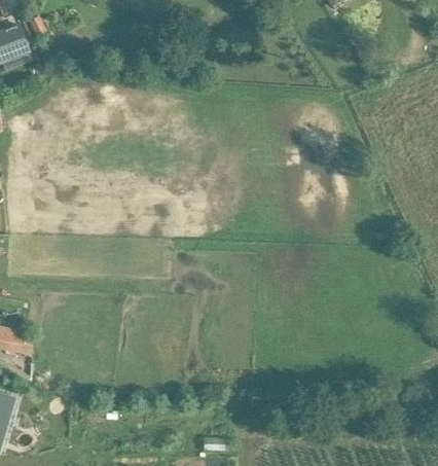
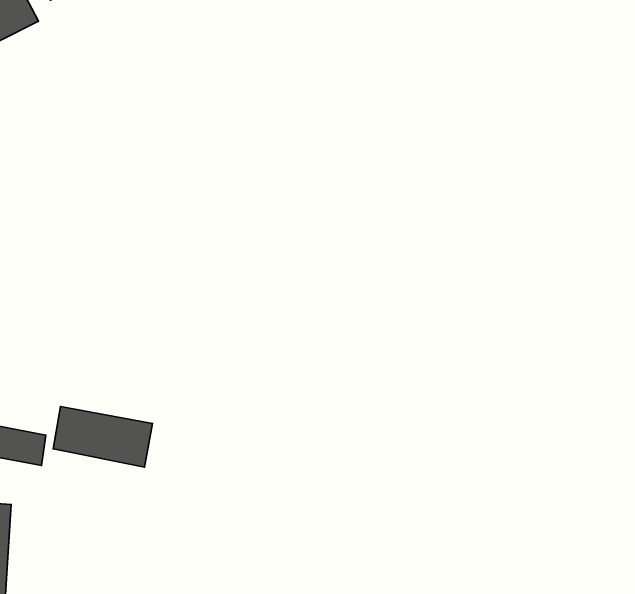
building: none -> [53,406,152,467]

